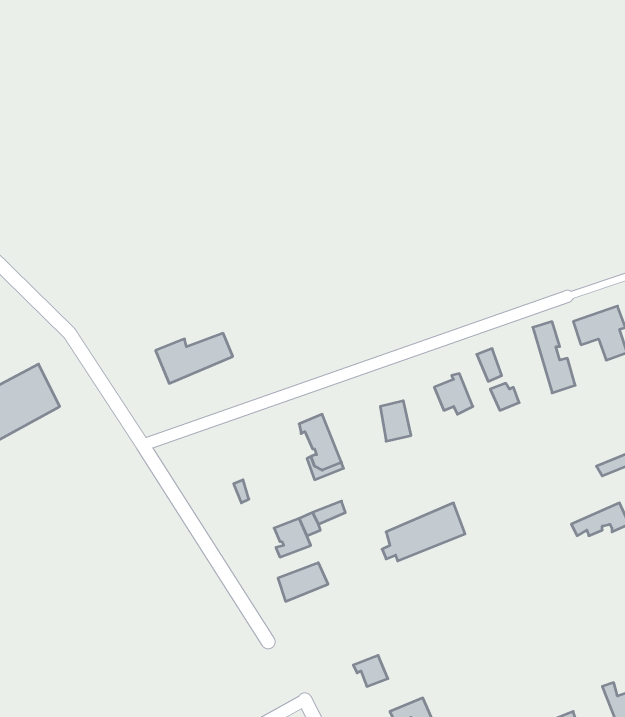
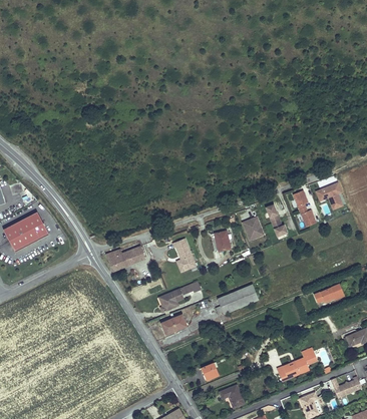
building: [156,333,233,383] -> [105,246,145,272]
building: none -> [279,348,317,380]

